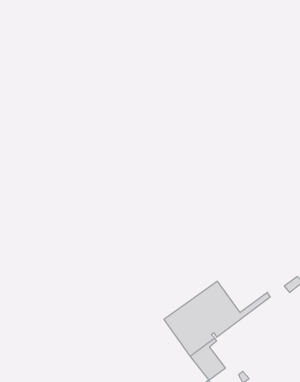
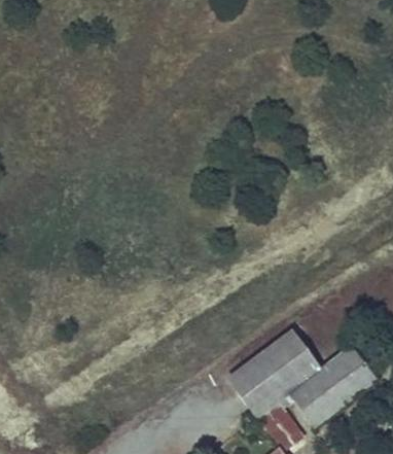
building: none -> [291,349,377,425]

